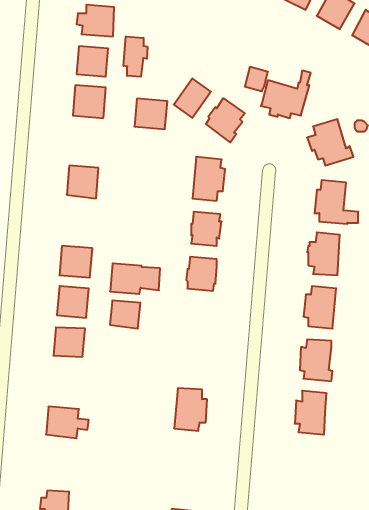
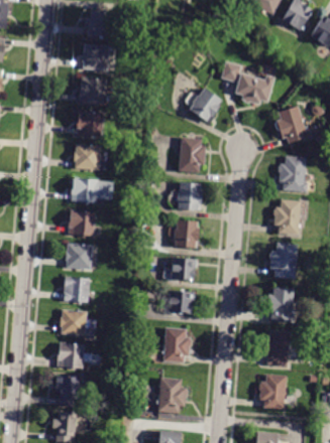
building: [123,36,147,77] -> none
building: [174,78,211,118] -> none
building: [134,99,167,129] -> [76,111,103,136]
building: [110,263,160,294] -> [71,177,112,202]
building: [110,300,140,328] -> [170,257,195,280]
building: none -> [168,290,193,313]
building: none -> [60,309,96,335]
building: none -> [258,374,286,409]
building: none -> [54,375,79,405]
building: none -> [157,377,186,412]

